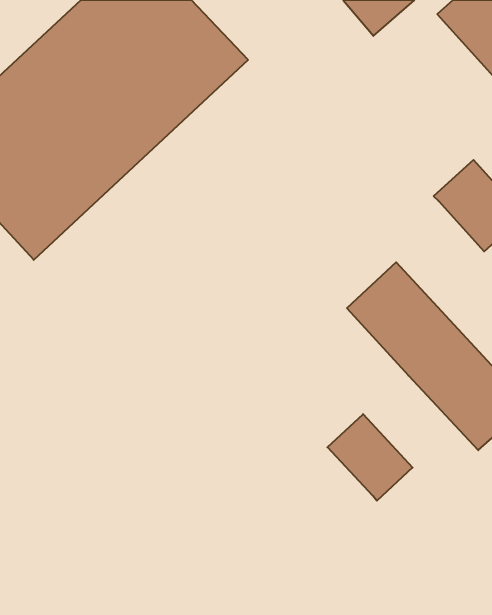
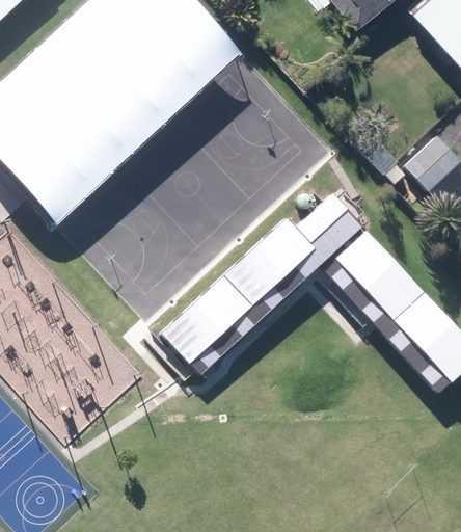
building: none -> [162,190,360,370]
building: [327,414,413,501] -> none

